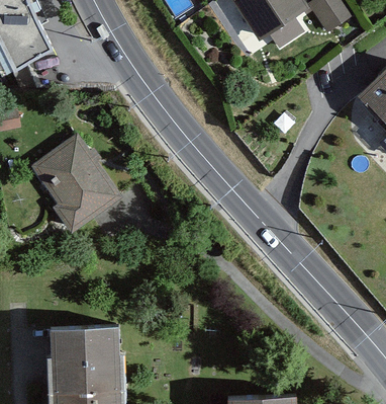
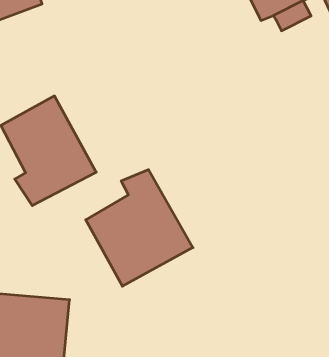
building: none -> [86,170,193,286]

